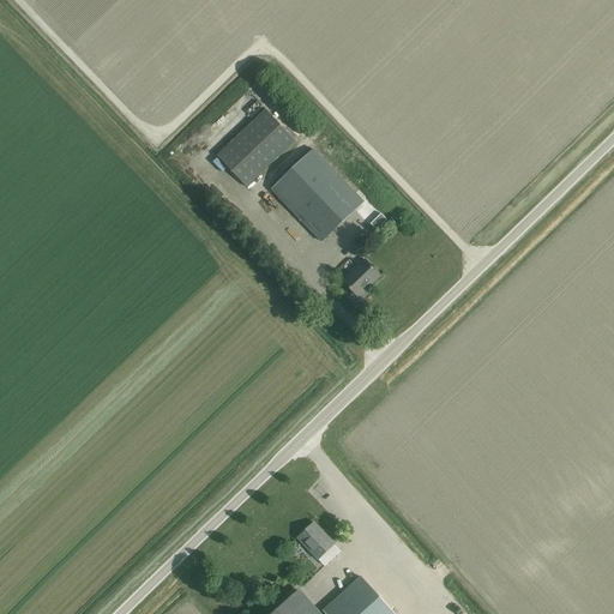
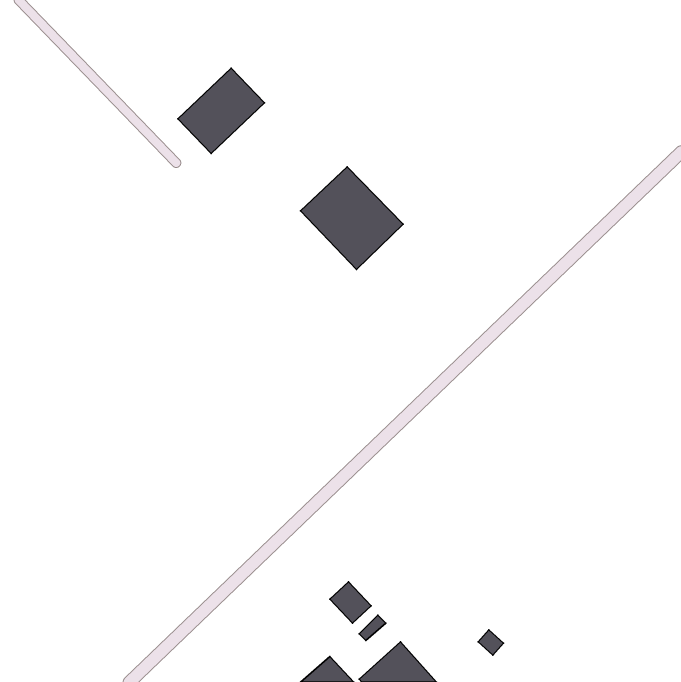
building: [216,110,294,187] -> [178,68,265,154]
building: [342,260,379,296] -> none

